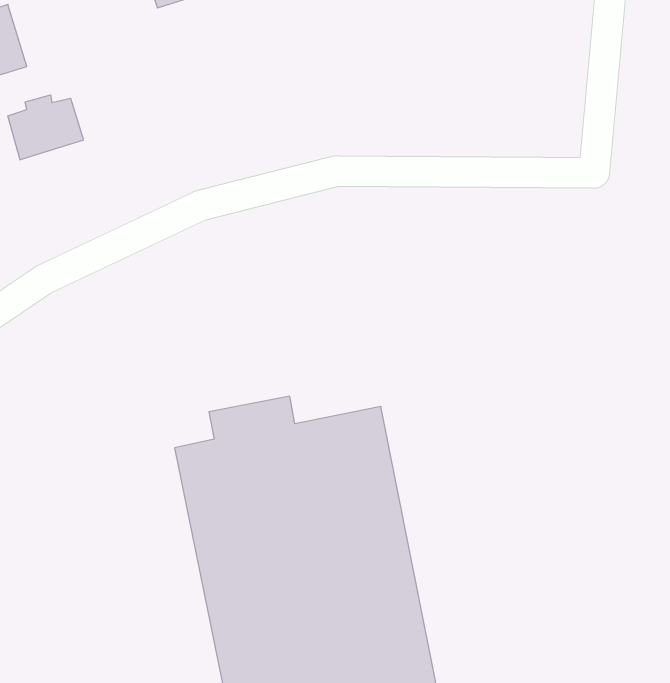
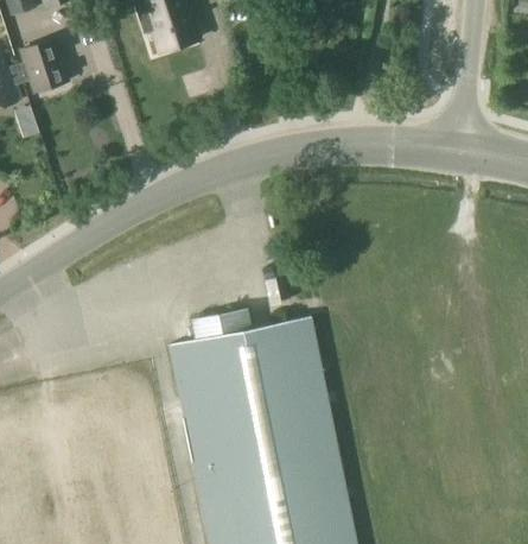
building: [8,95,83,160] -> none

